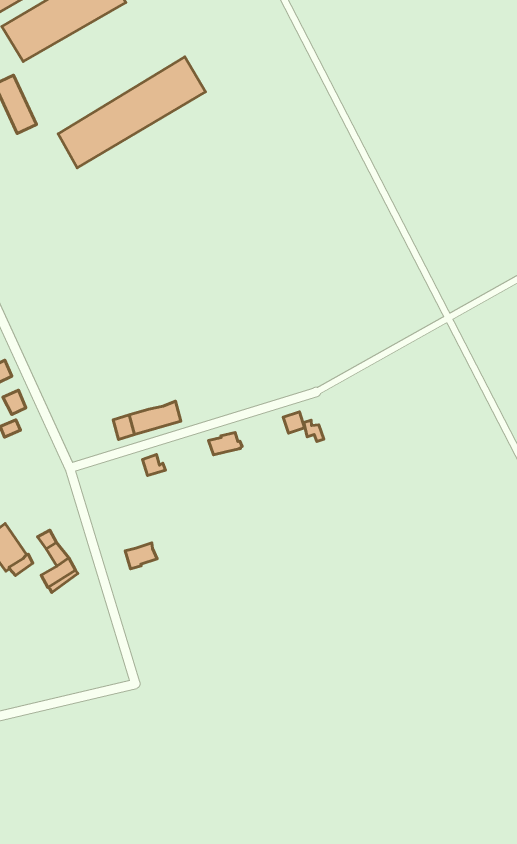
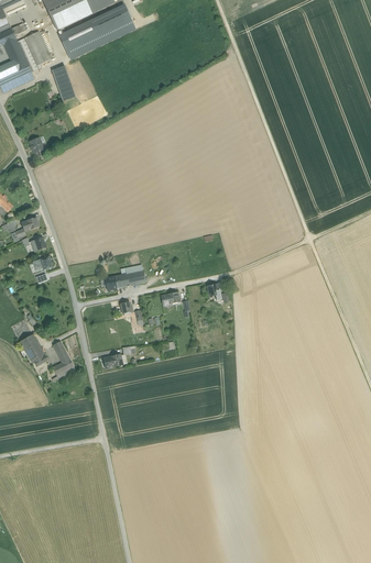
building: [58,57,205,168] -> none

